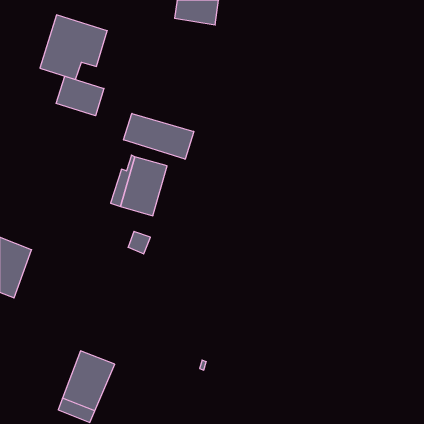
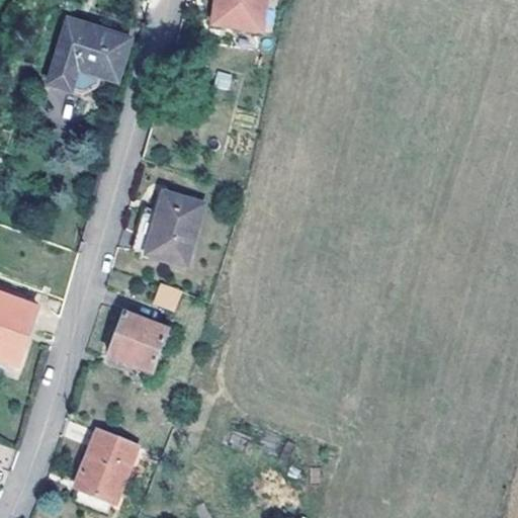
building: [56,76,104,116] -> none
building: [124,113,194,159] -> none
building: none -> [108,311,168,369]

